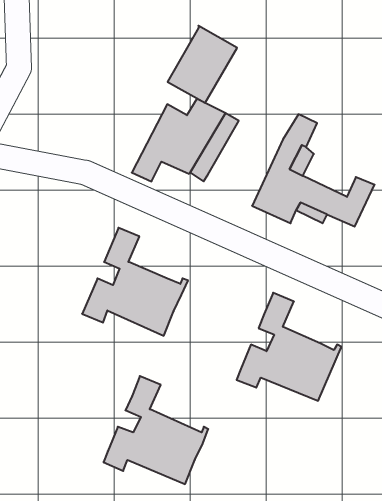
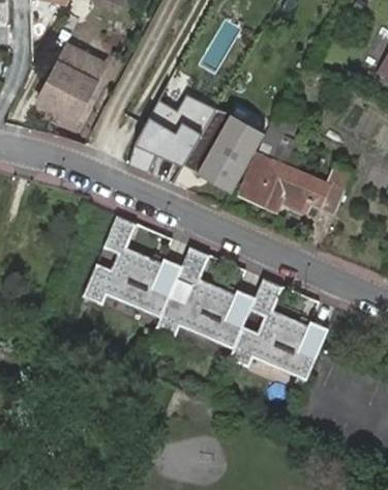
building: [168,26,237,103] -> [200,114,265,186]
building: none -> [39,47,101,122]
building: [103,376,208,484] -> [154,248,252,349]

